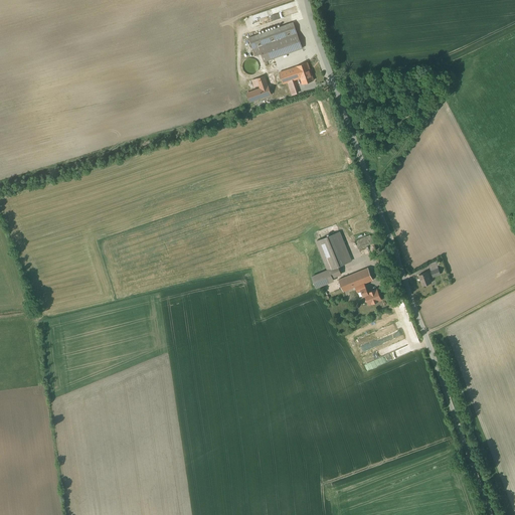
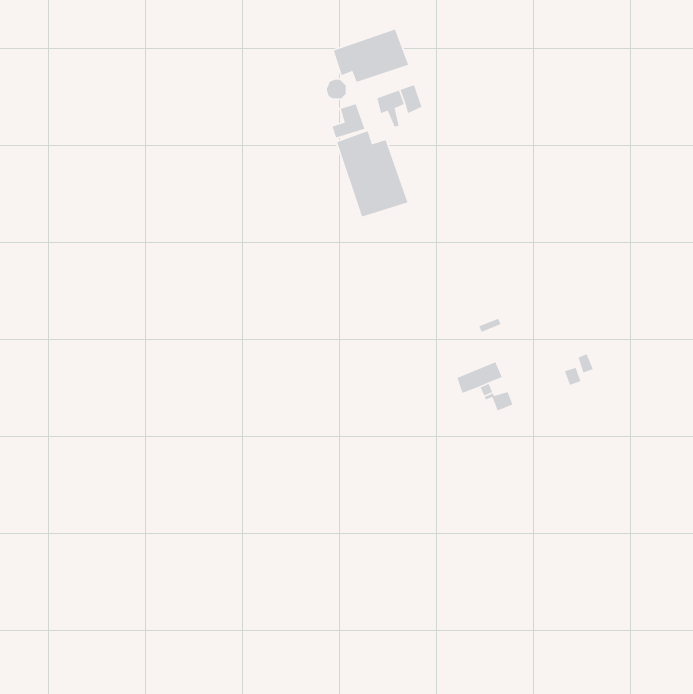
building: none -> [336,130,408,217]
building: [311,234,351,288] -> none

